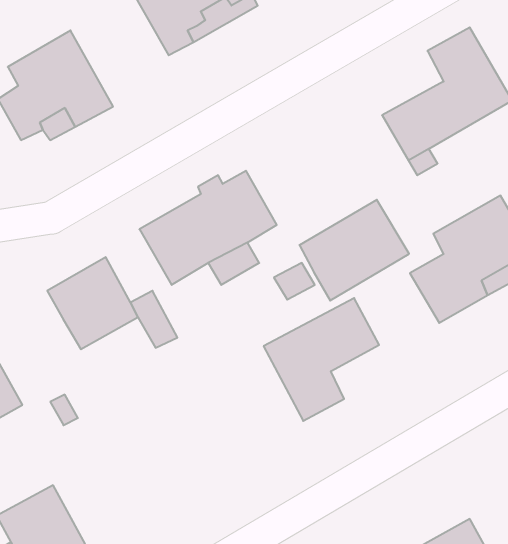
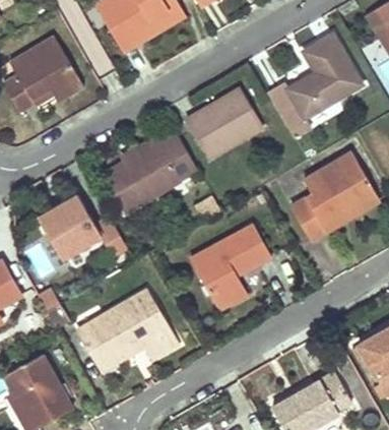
building: [299,200,409,301] -> [187,87,263,158]
building: none -> [79,288,179,366]

